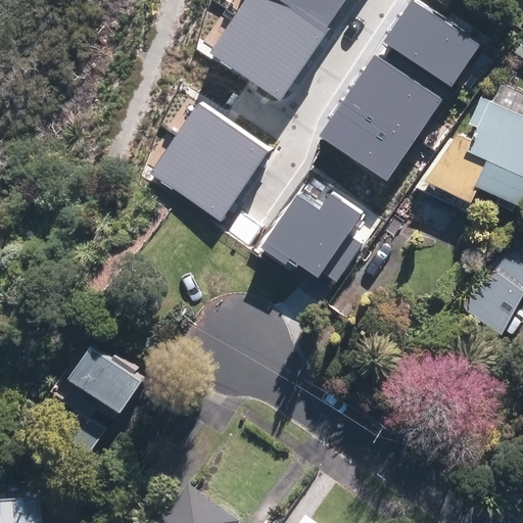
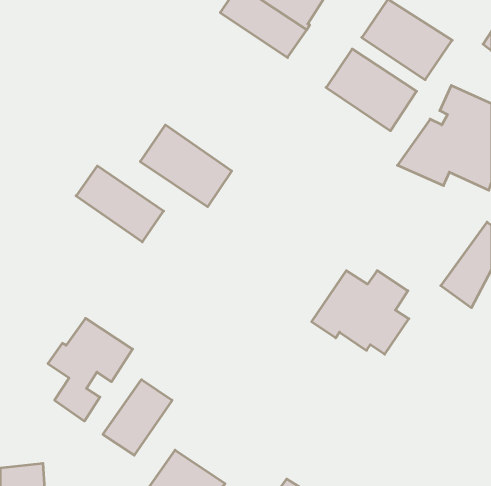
building: [209,15,305,101] -> none
building: [319,95,415,182] -> none
building: [176,103,269,184] -> [76,166,164,242]
building: [259,193,363,282] -> [312,271,409,354]
building: none -> [103,380,172,455]

